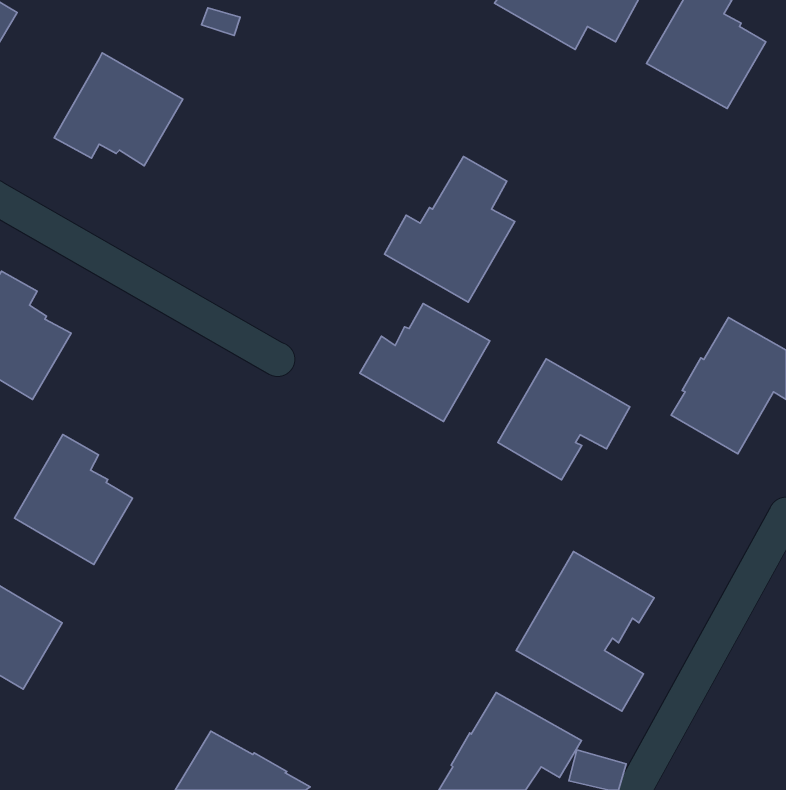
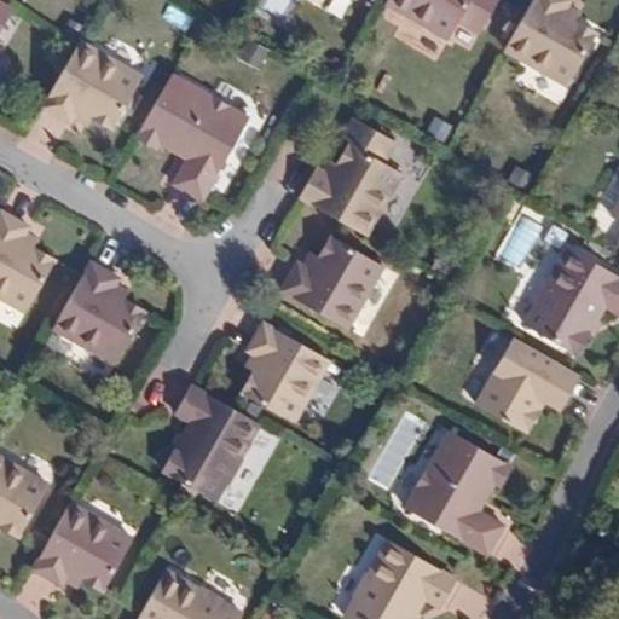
building: none -> [137,75,249,201]
building: [498,359,630,480] -> [474,339,577,433]
building: none -> [241,323,328,422]
building: [15,435,132,565] -> [53,262,145,364]
building: none -> [162,386,259,501]
building: none -> [31,504,132,591]

